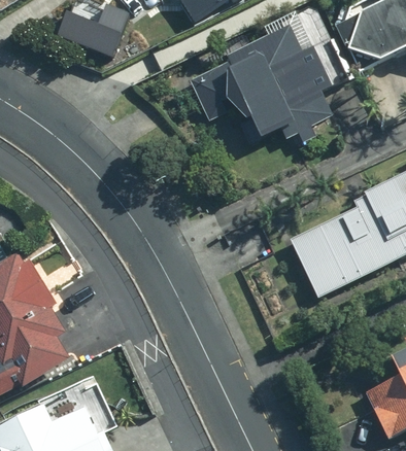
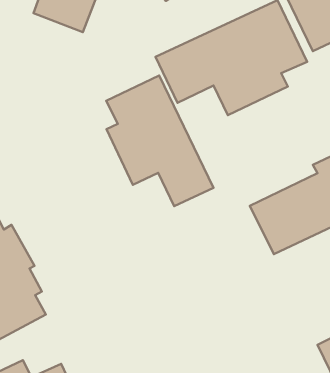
building: none -> [106,76,213,206]

